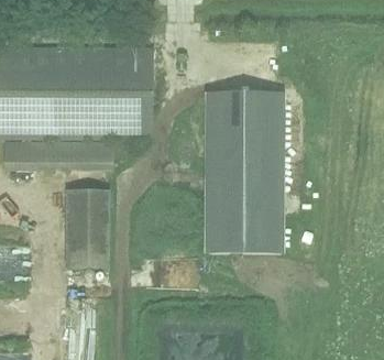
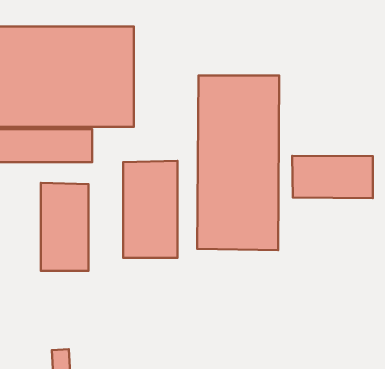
building: none -> [292,156,373,198]
building: none -> [123,161,177,258]

